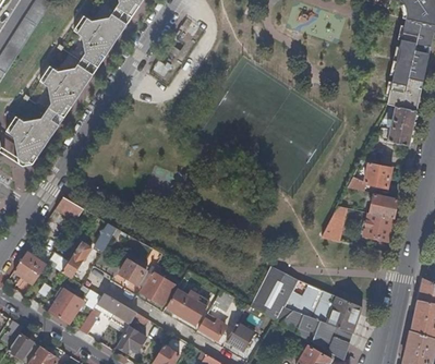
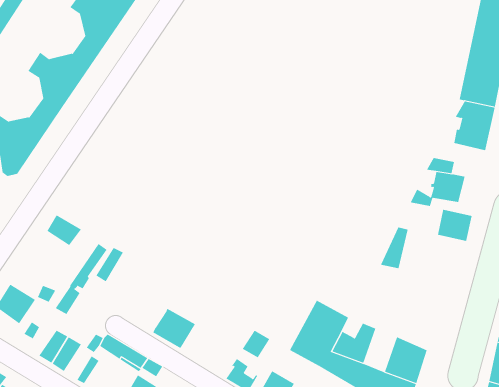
building: [364,213,394,240] -> none
building: [120,259,152,287] -> none
building: [311,288,337,323] -> none
building: [166,289,207,324] -> none

